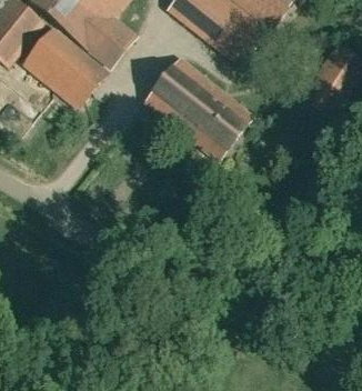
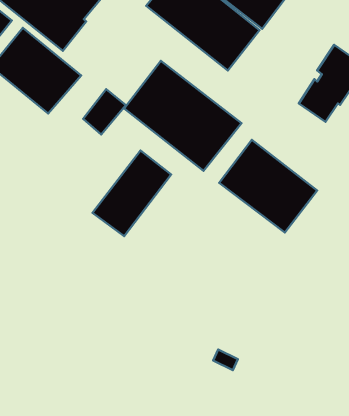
building: [90,23,129,64] -> [83,89,126,135]
building: none -> [219,140,317,233]
building: none -> [93,151,171,236]

